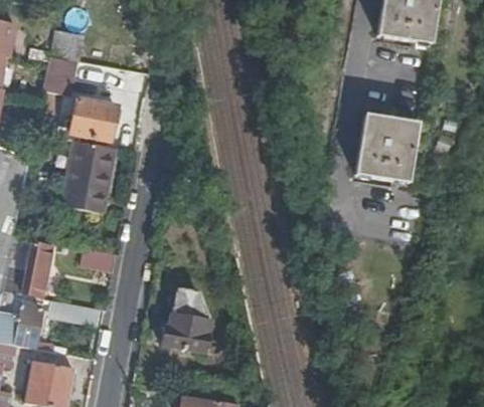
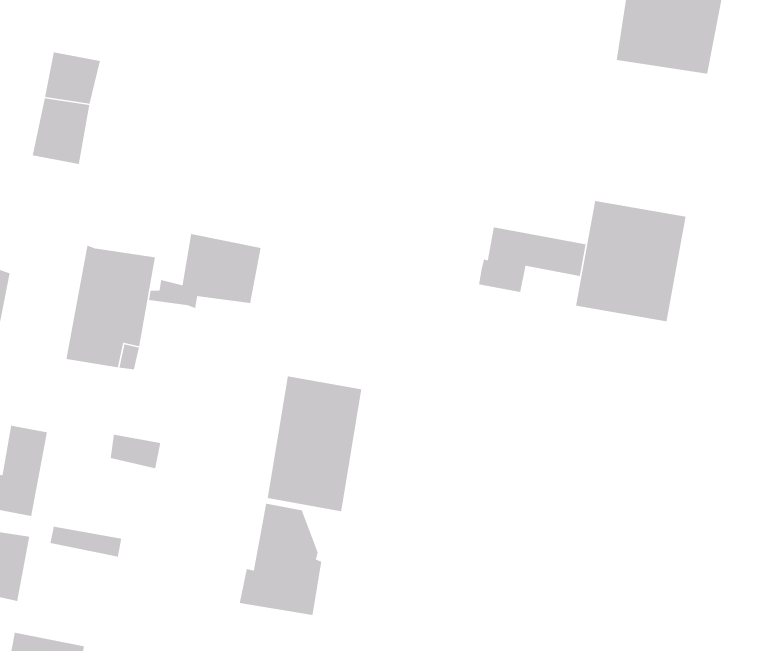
building: [52,99,117,143] -> [148,233,261,309]
building: none -> [478,227,587,293]
building: none -> [267,375,362,512]

